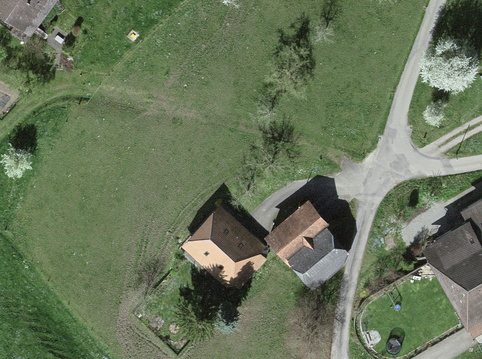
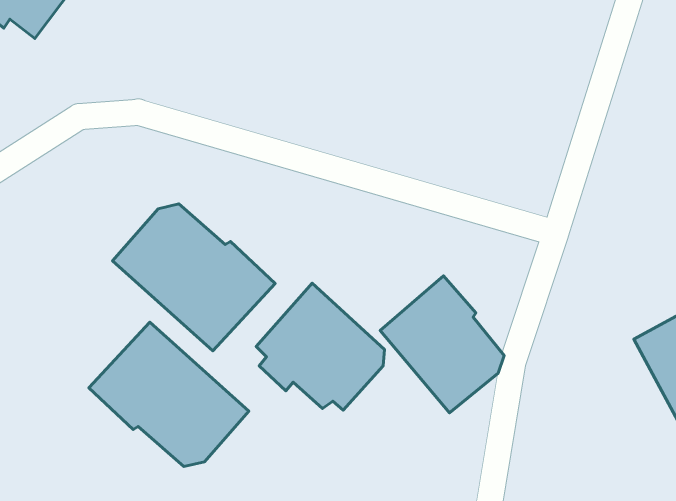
building: none -> [113,204,275,351]
building: none -> [89,322,249,466]

